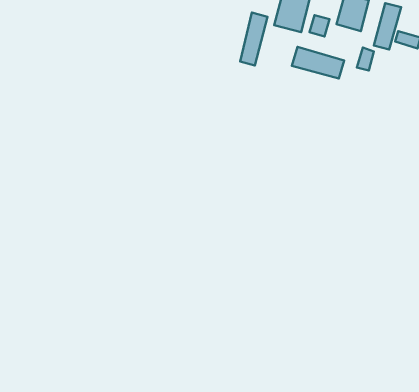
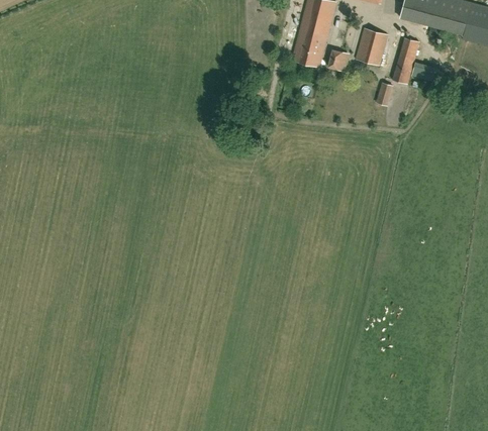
building: [240,13,267,65] -> none
building: [292,47,344,79] -> none

